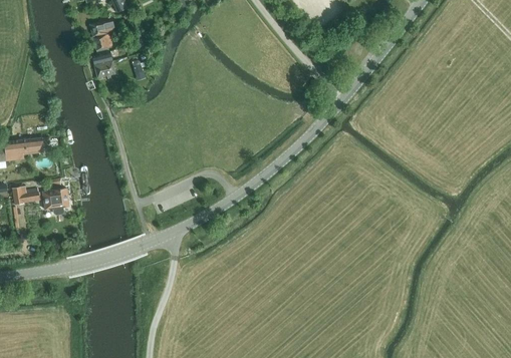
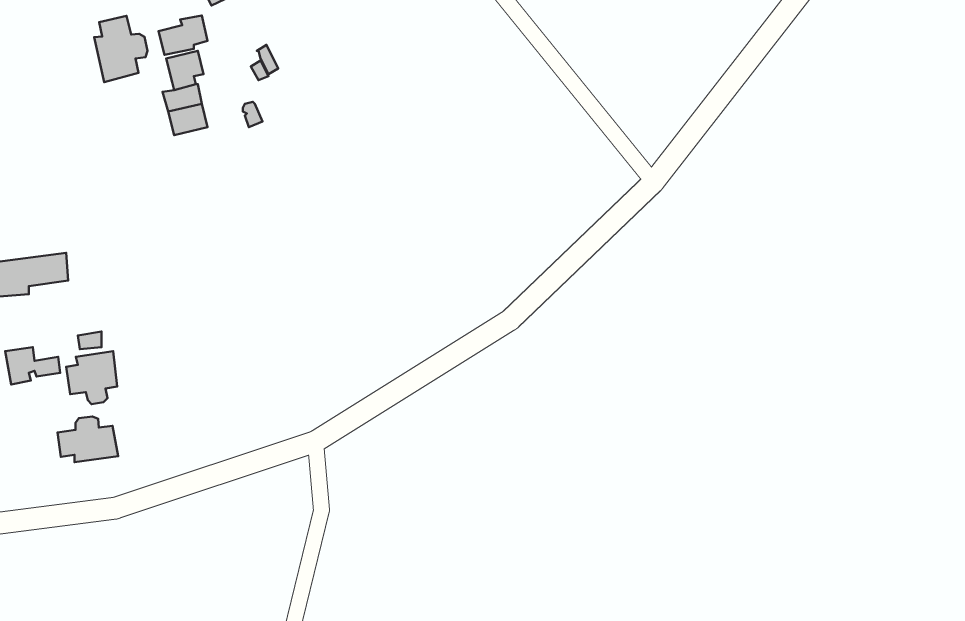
building: none -> [94,16,147,82]
building: none -> [57,417,118,462]

